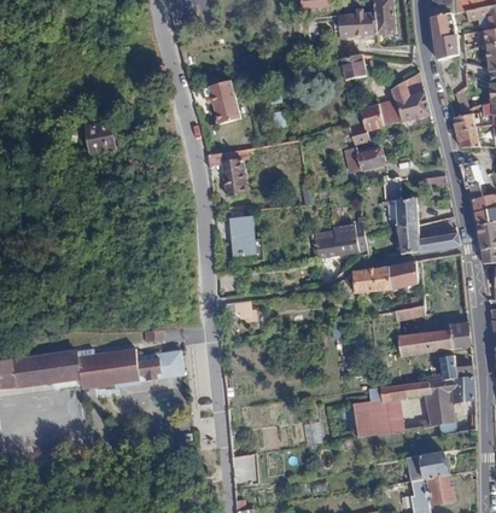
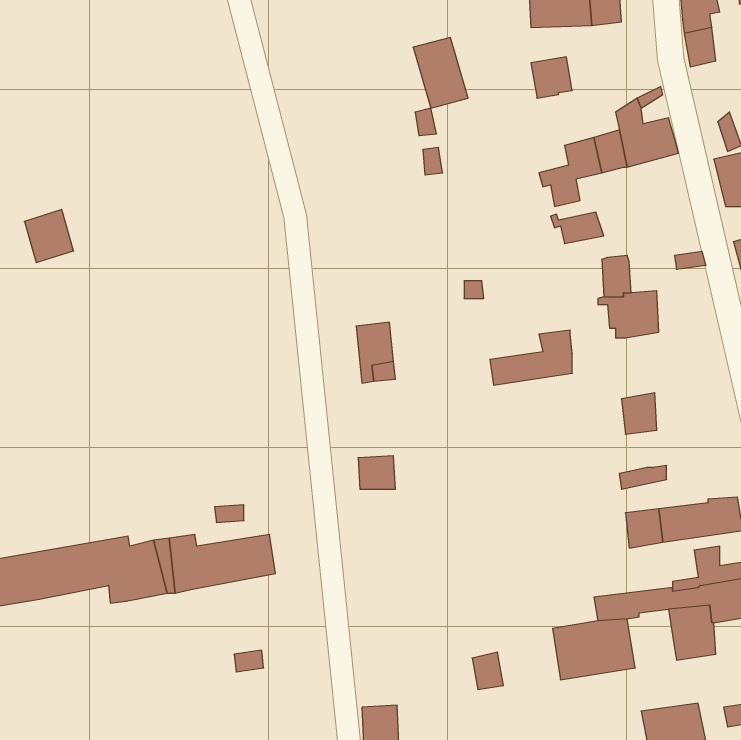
building: [206,78,240,122] -> [413,37,468,108]
building: [86,121,116,153] -> [24,210,74,263]
building: [208,150,243,194] -> none
building: [397,223,459,252] -> none
building: [351,266,390,291] -> none

